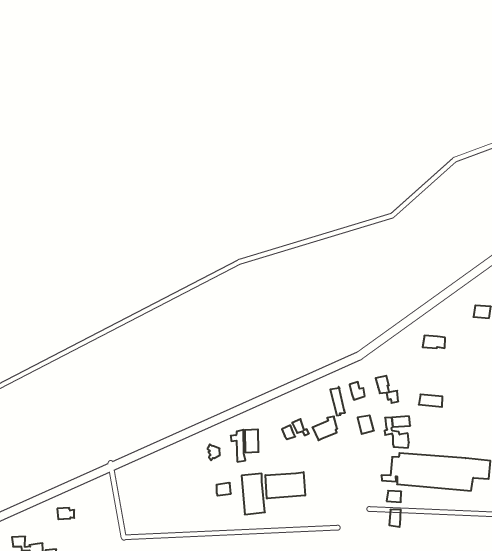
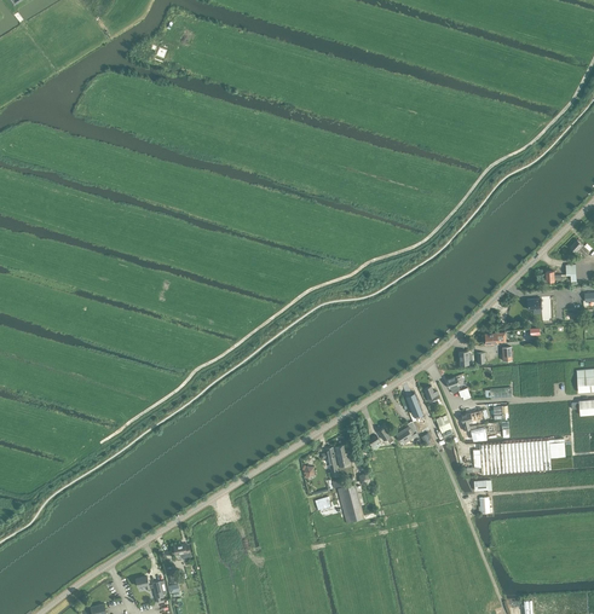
building: [265,472,305,499] -> none

